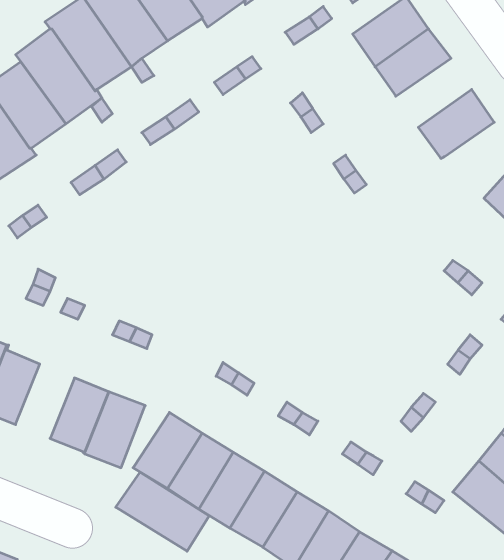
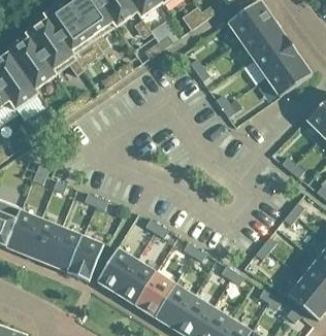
building: none -> [253,36,298,77]
building: none -> [26,219,61,263]
building: [116,472,209,551] -> none

